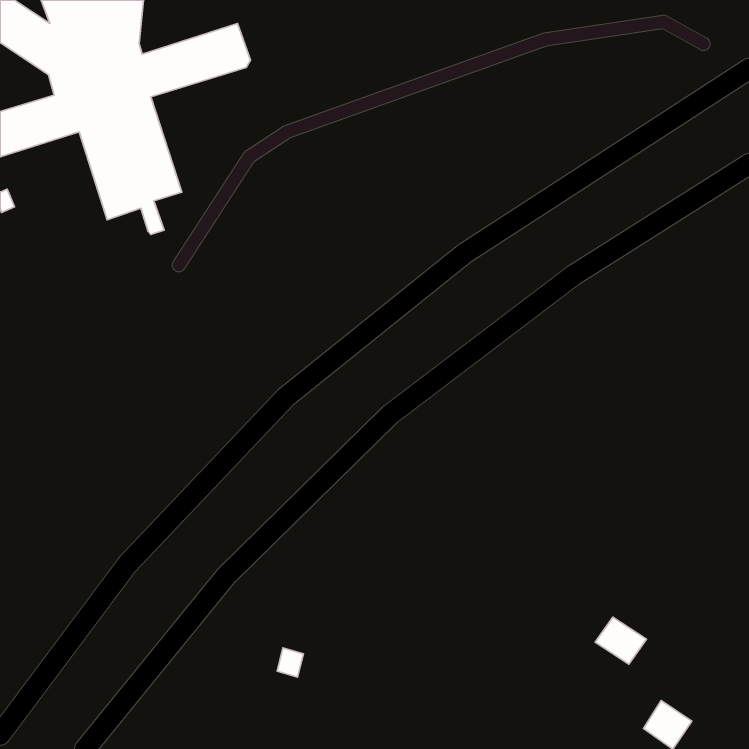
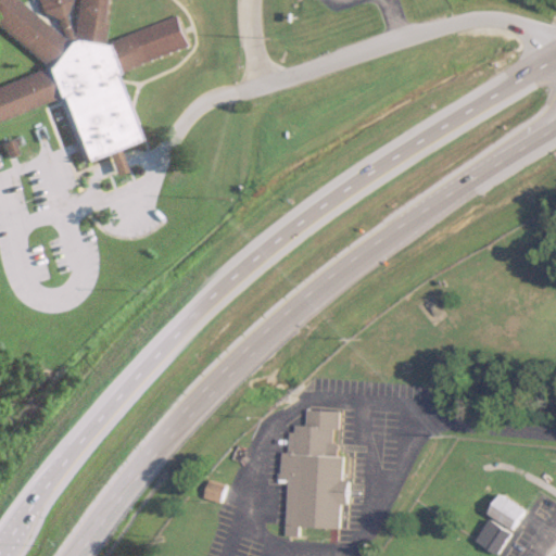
building: none -> [280,409,349,533]
building: [595,617,647,664] -> [490,494,528,529]

